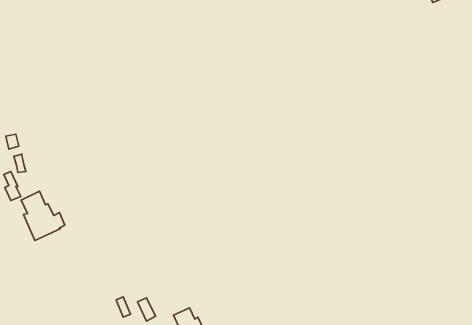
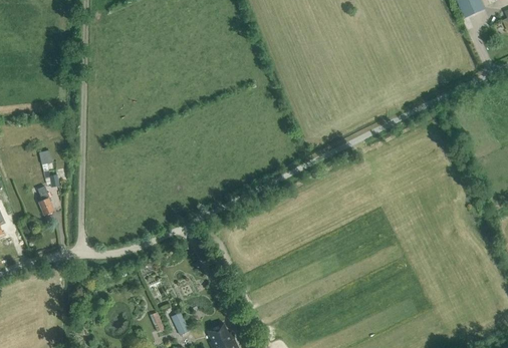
building: [21,191,65,240] -> none

